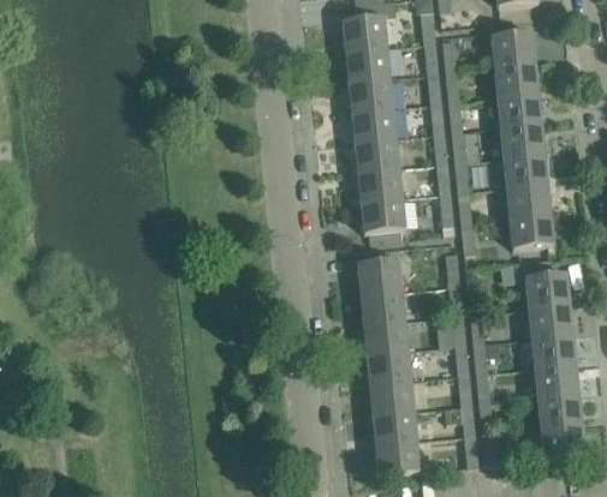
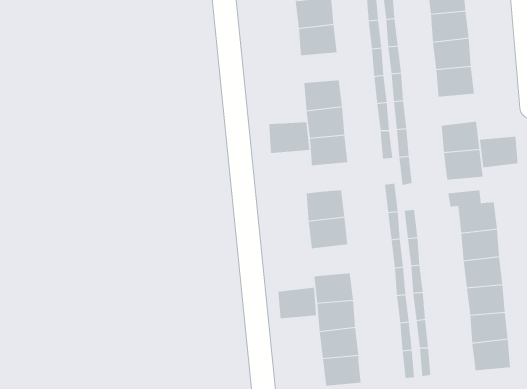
building: [352,107,395,140] -> none
building: [504,152,547,187] -> [479,136,518,168]
building: none -> [269,121,310,154]
building: [364,318,407,353] -> [278,287,317,319]

